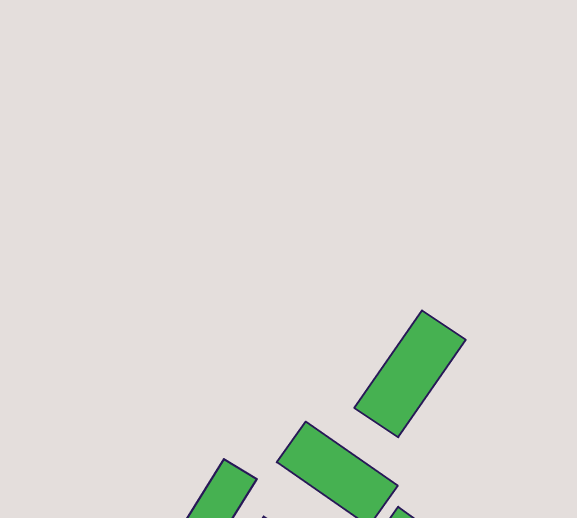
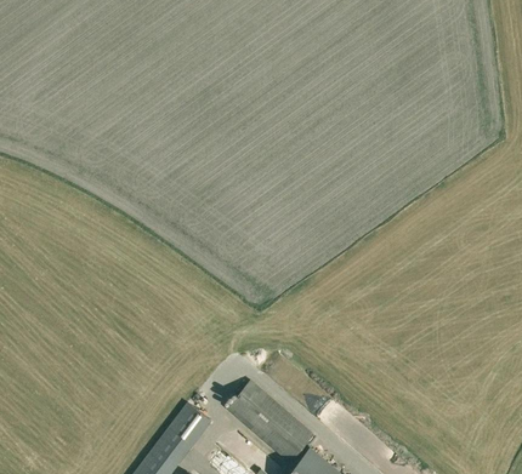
building: [354,310,466,437] -> none

